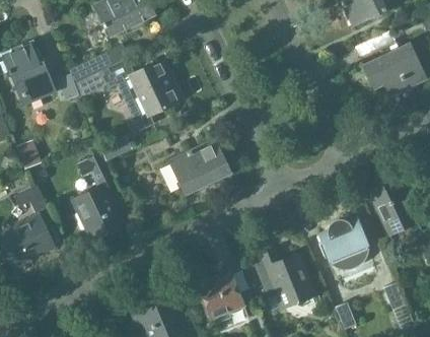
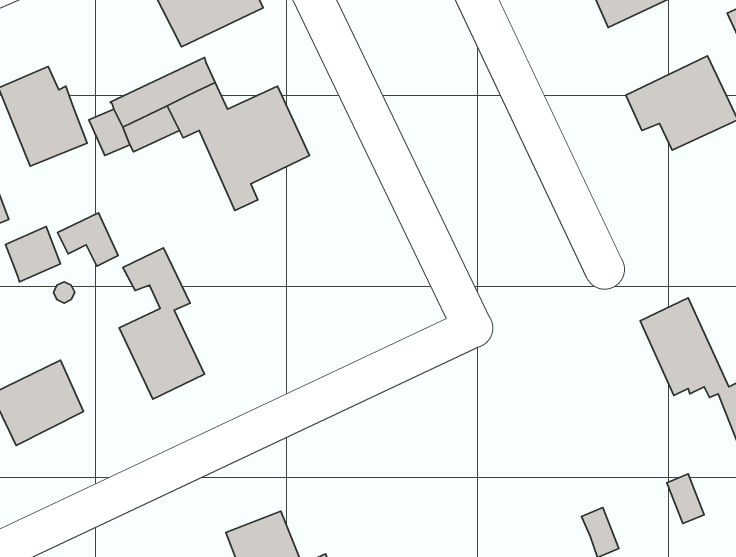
building: [170,140,230,194] -> none
building: [13,185,48,215] -> [58,213,118,266]
building: [321,218,377,280] -> none
building: [253,248,314,309] -> none
building: [197,272,243,323] -> none

